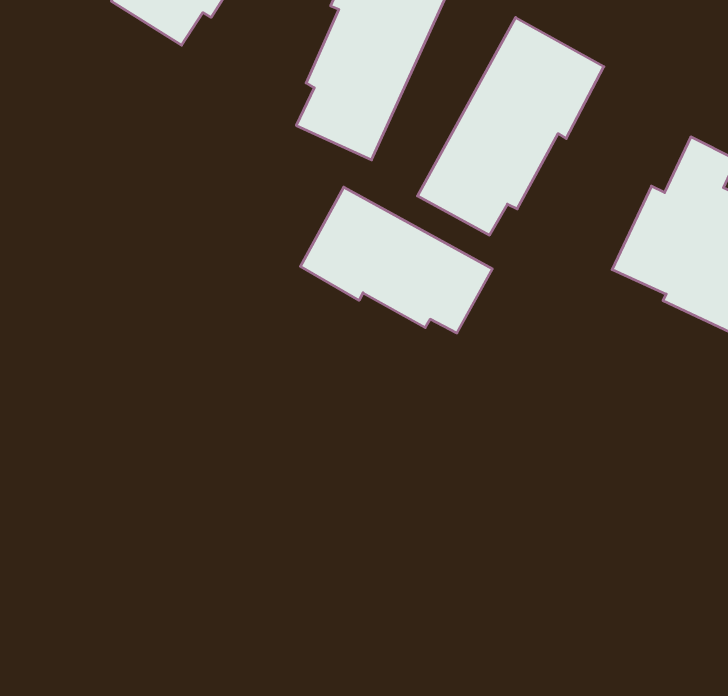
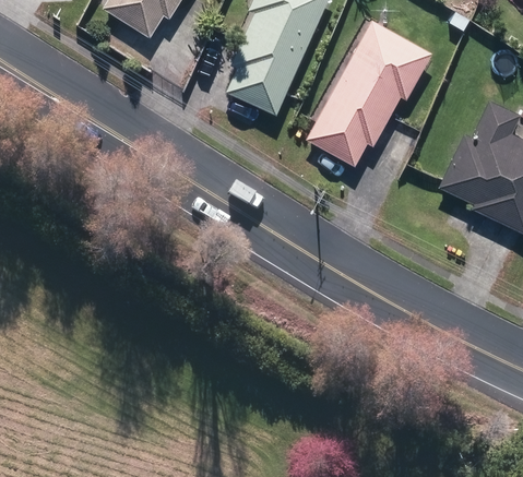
building: [300,187,492,333] -> none

